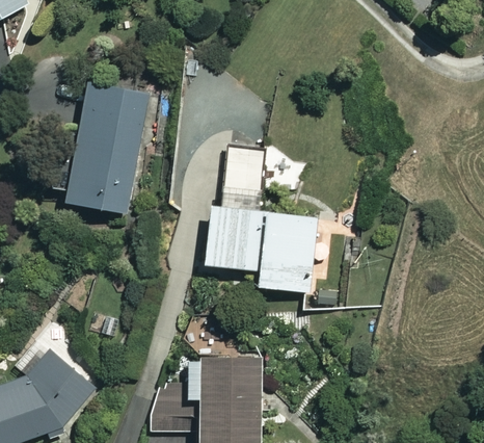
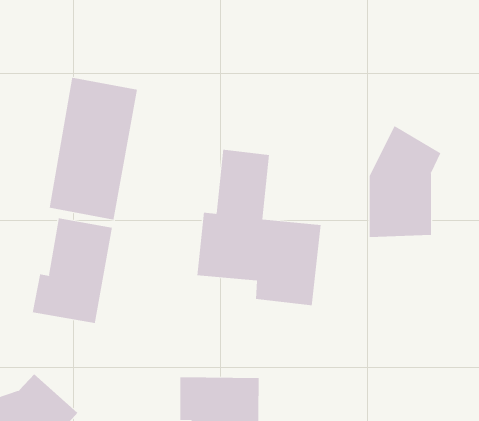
building: none -> [369,125,441,238]
building: none -> [32,218,113,324]

